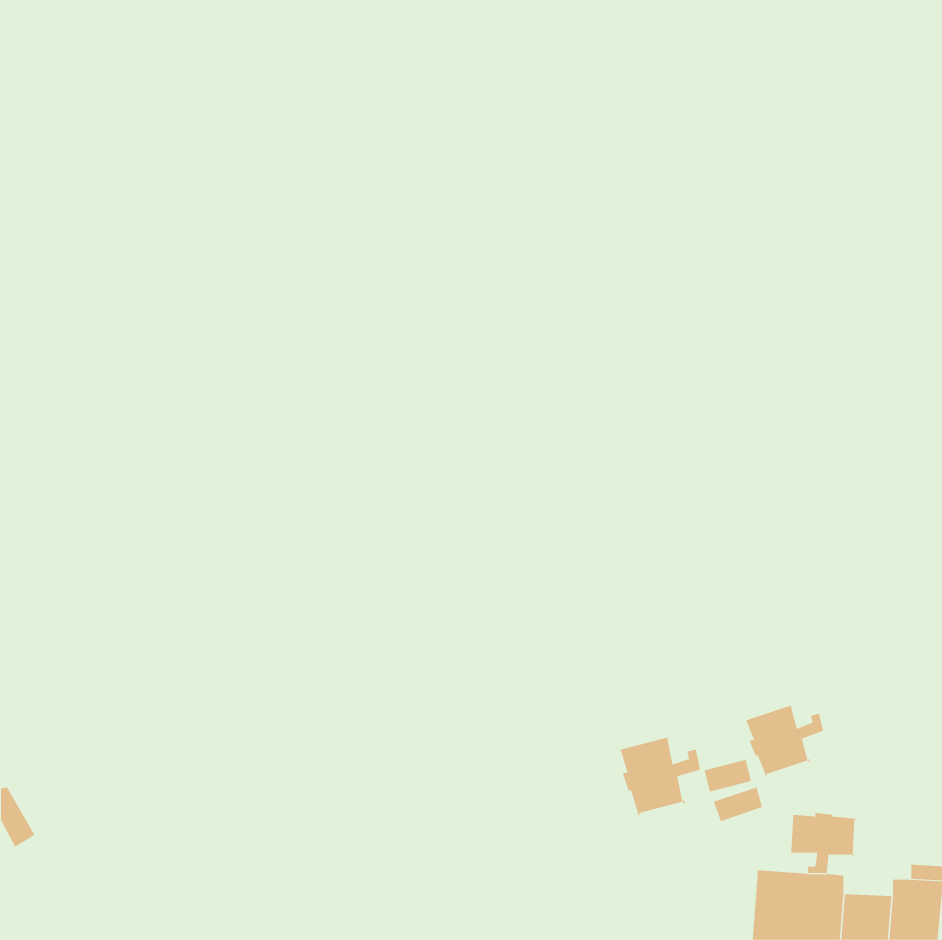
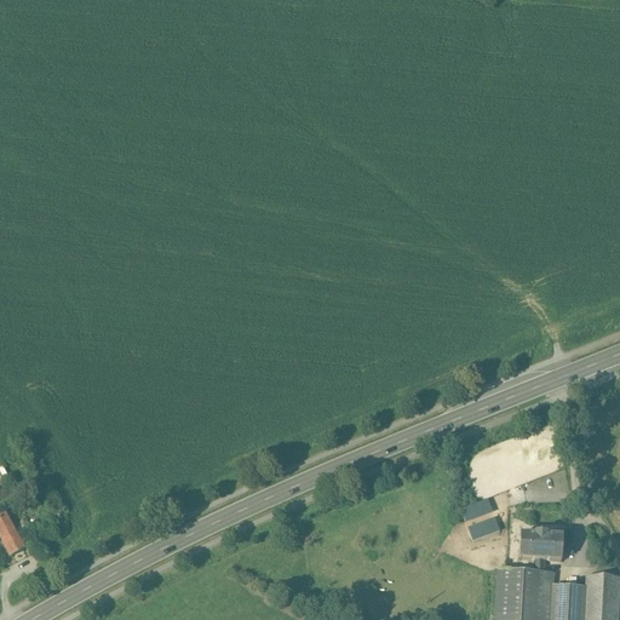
building: [746,705,824,777] -> none
building: [620,737,700,816] -> none

